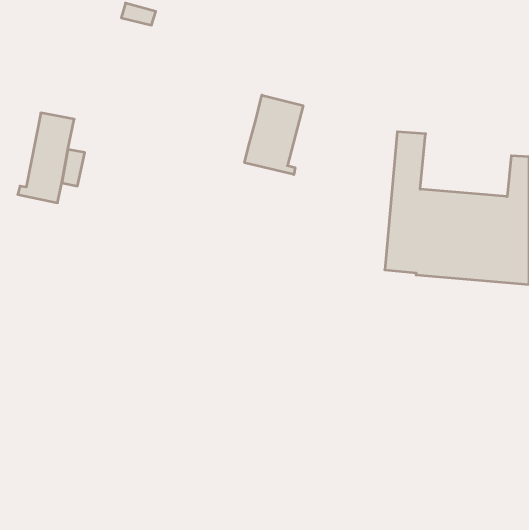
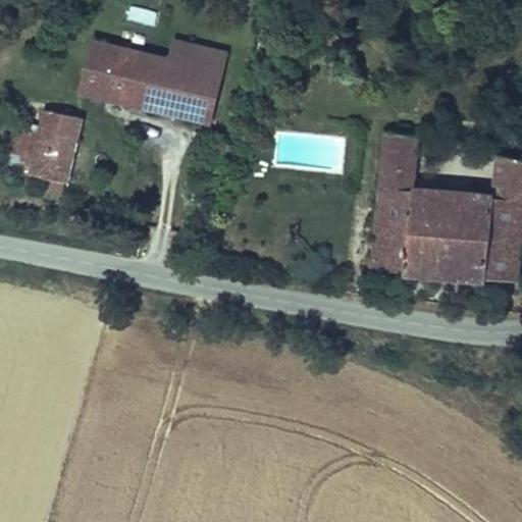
building: none -> [80,39,228,124]
building: [245,95,303,175] -> none

